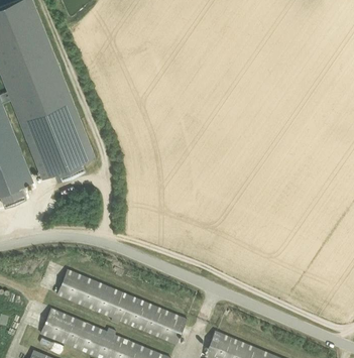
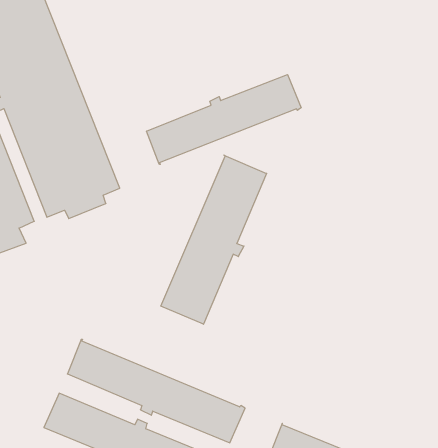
building: none -> [147,75,301,164]
building: none -> [161,155,267,324]

